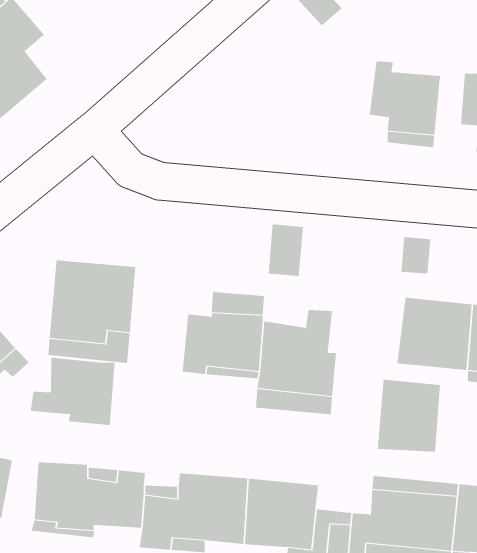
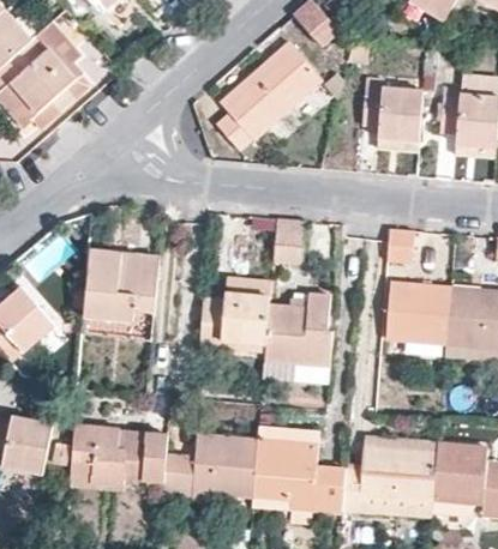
building: none -> [216,40,323,149]
building: [30,357,115,426] -> none
building: [377,379,441,452] -> none

